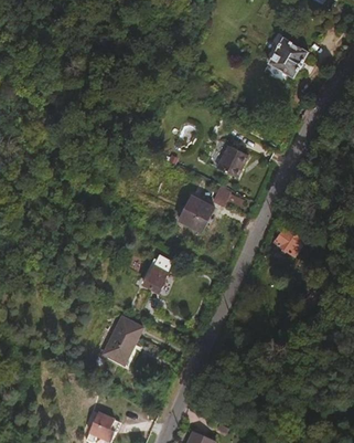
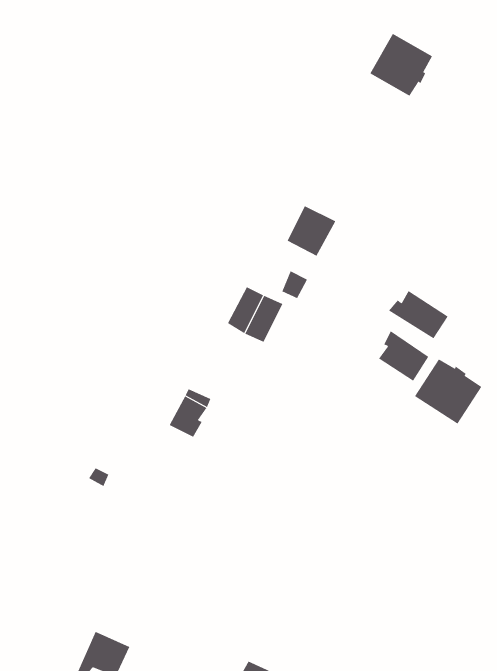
building: none -> [388,290,449,339]
building: none -> [414,358,482,425]
building: [100,317,140,365] -> none

